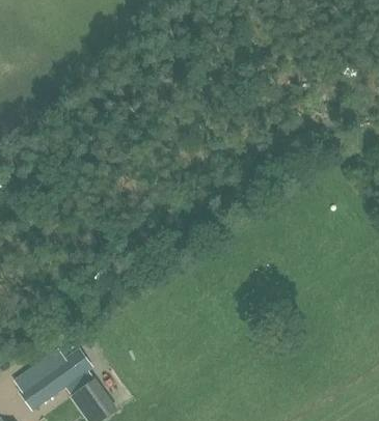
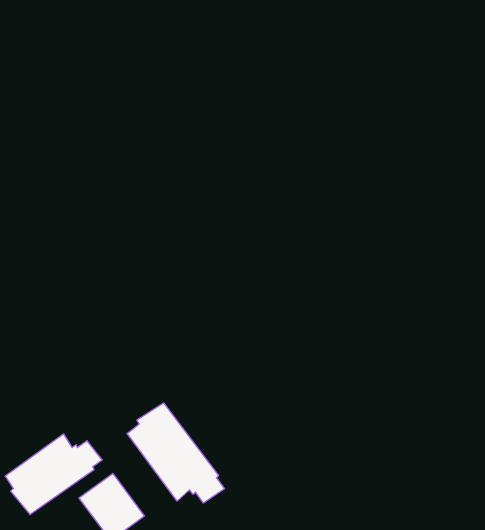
building: none -> [127,403,225,503]

